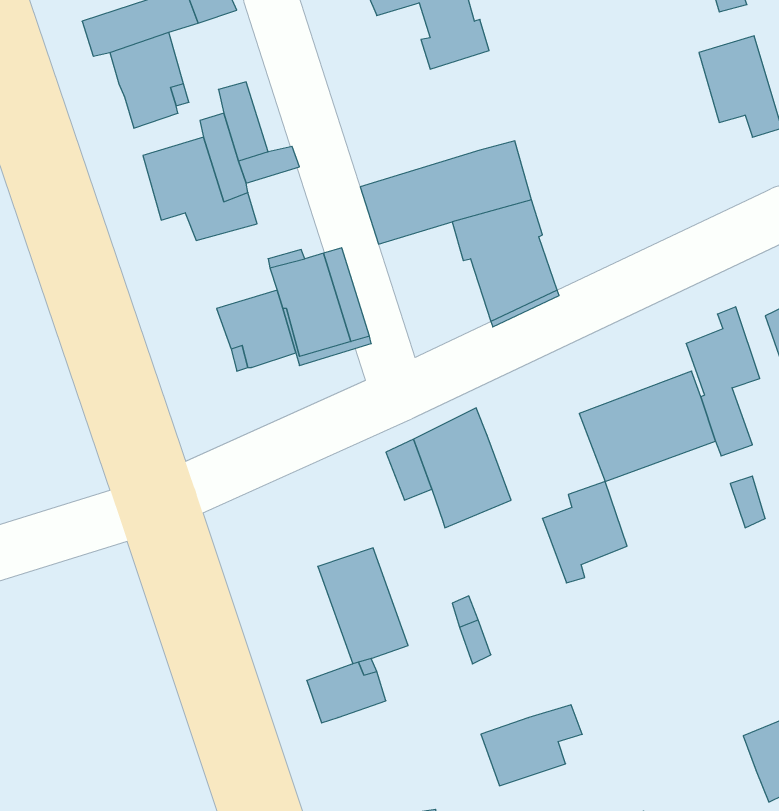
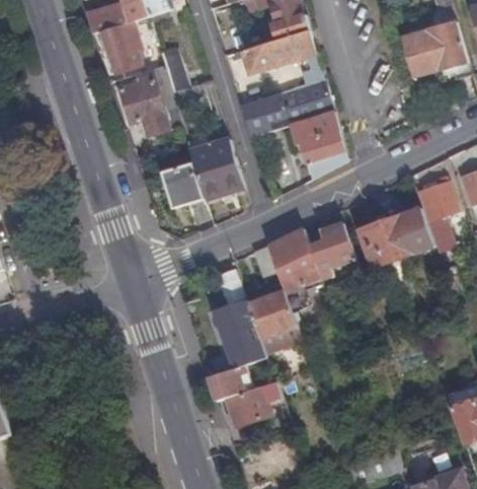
building: none -> [241,29,323,84]
building: none -> [402,30,435,75]
building: [542,482,627,583] -> [308,221,354,277]
building: none -> [247,289,296,338]
building: [481,705,582,786] -> [226,380,282,425]

